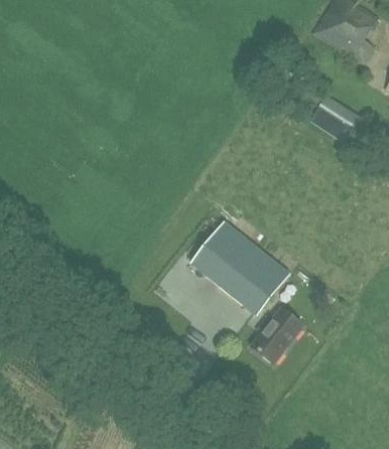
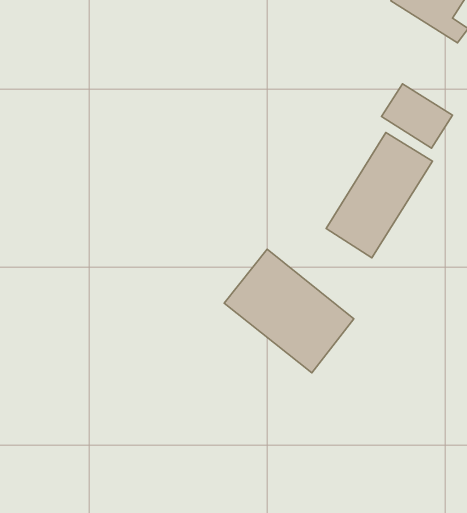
building: none -> [326,132,433,258]
building: [250,308,302,363] -> none

